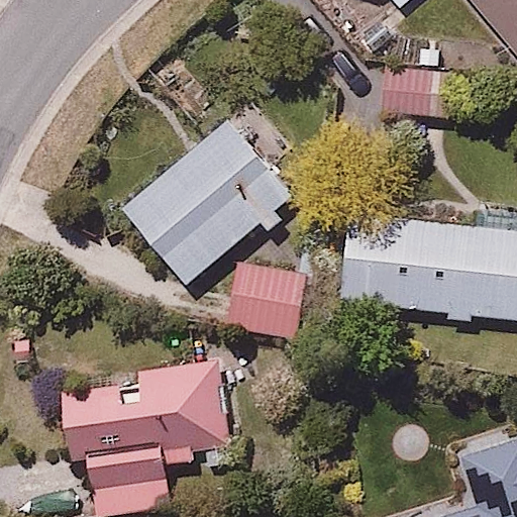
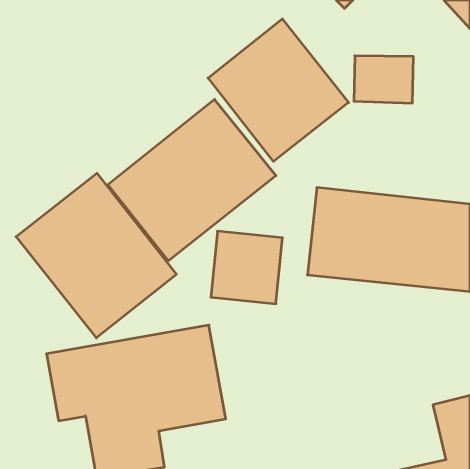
building: none -> [208,19,349,161]
building: none -> [16,173,176,338]

